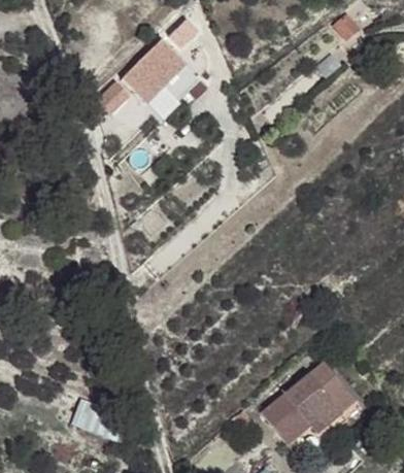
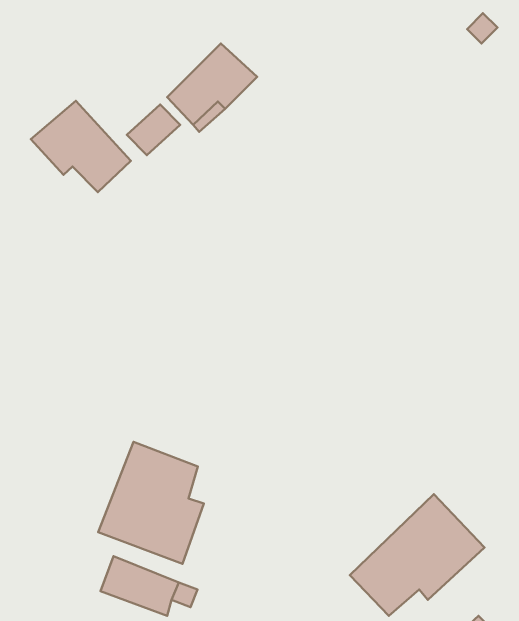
building: none -> [31,101,131,192]
building: none -> [98,442,204,564]

